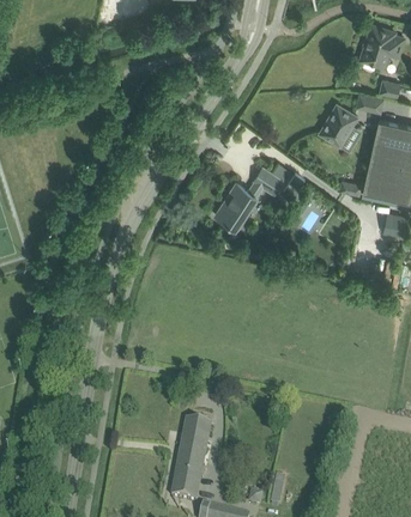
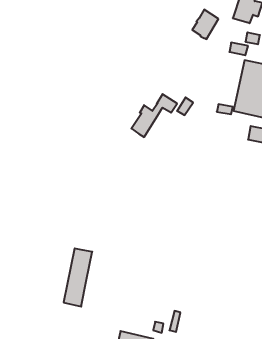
building: [320,104,357,146] -> [192,10,218,39]
building: [171,420,212,503] -> [64,248,92,307]

